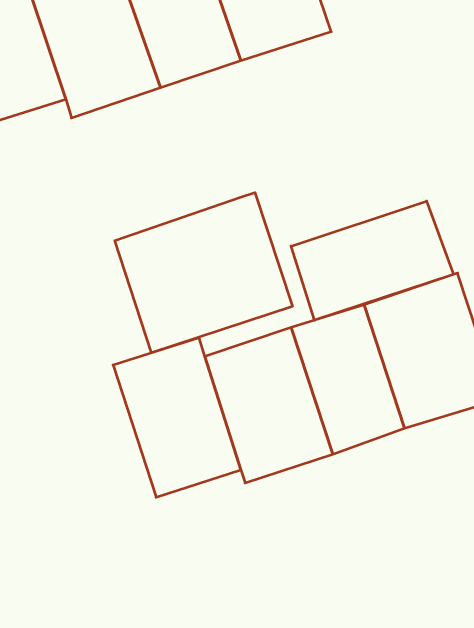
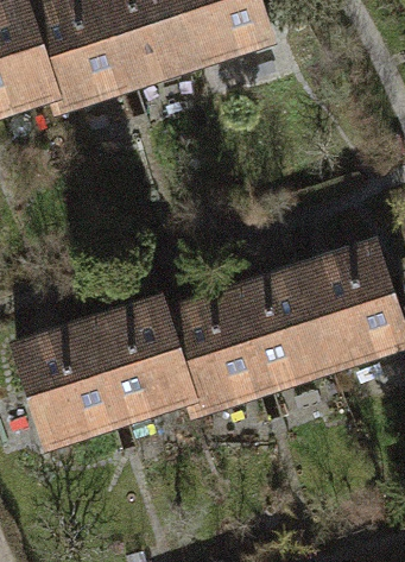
building: [115,193,292,353] -> none
building: [291,201,454,320] -> none
building: none -> [13,317,129,453]

